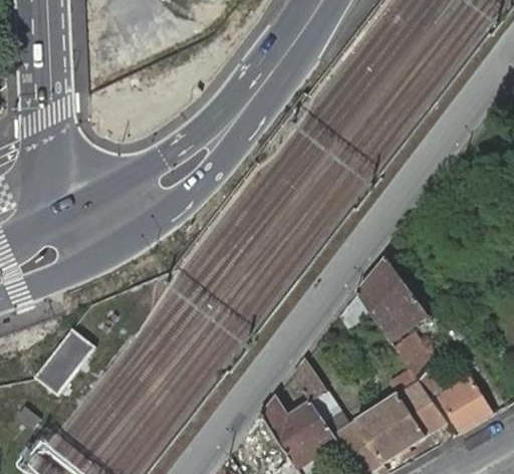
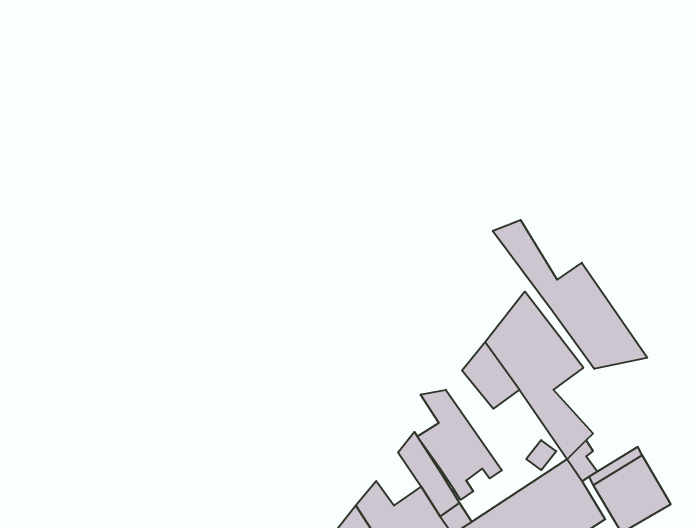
building: none -> [493,220,647,369]
building: [36,325,97,392] -> none
building: none -> [417,390,502,500]

